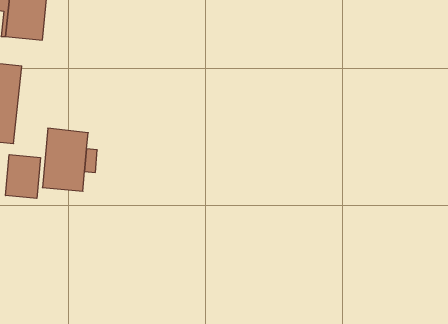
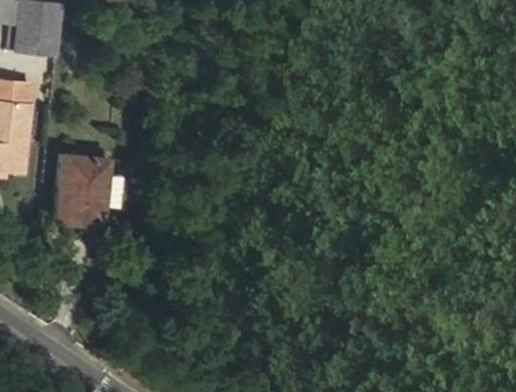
building: [6,155,40,198] -> none

